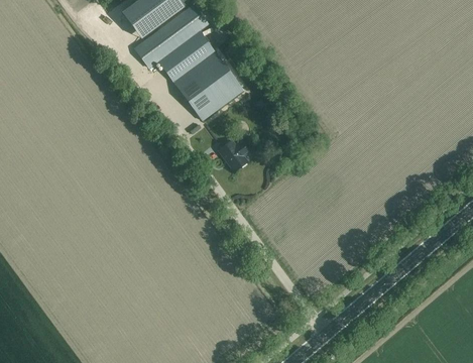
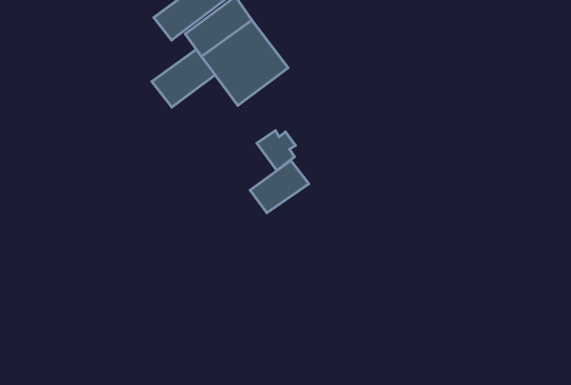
building: none -> [152,50,215,107]
building: none -> [250,160,309,213]

